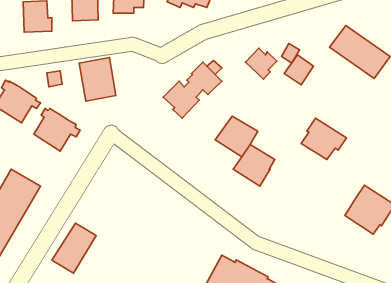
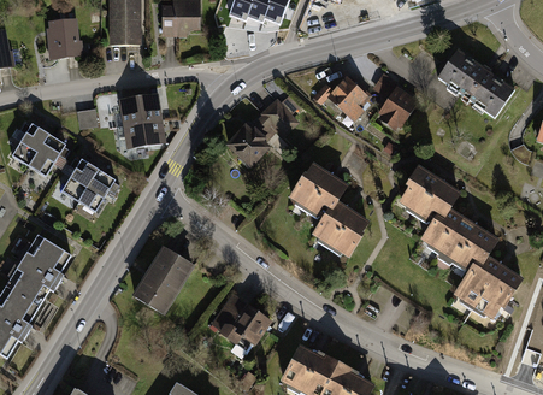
building: none -> [423,207,496,270]
building: none -> [211,294,271,353]
building: [52,223,96,273] -> [135,249,191,313]

